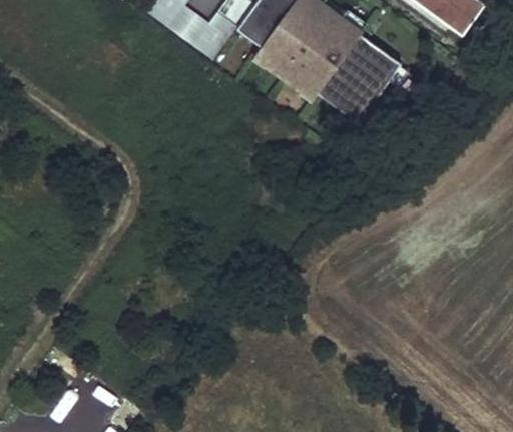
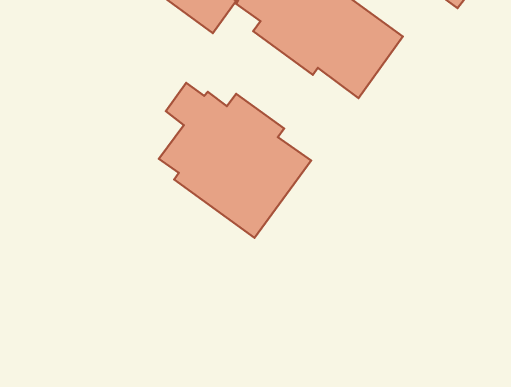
building: none -> [159,83,311,238]

